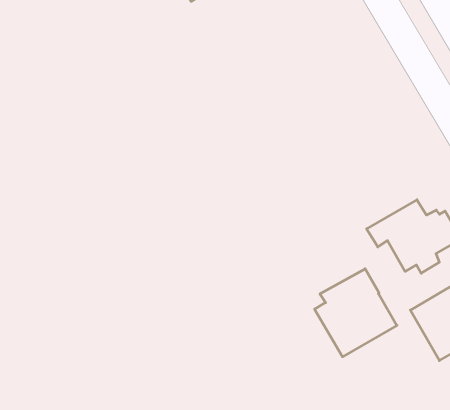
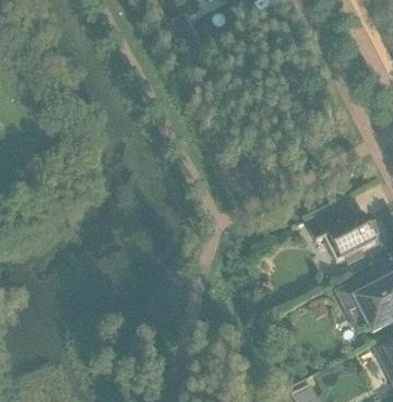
building: [315,269,397,357] -> none

